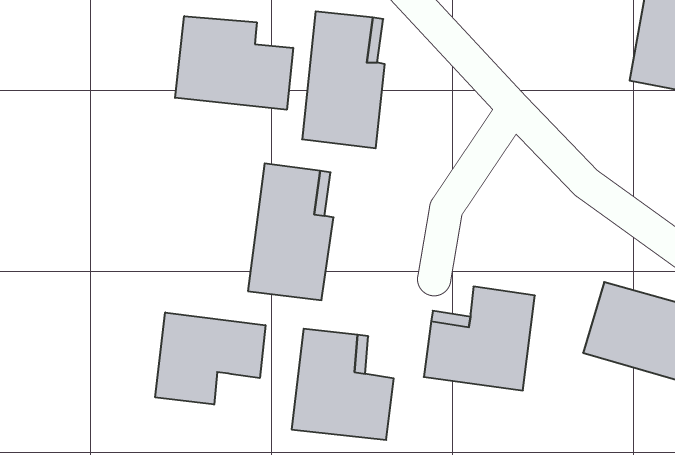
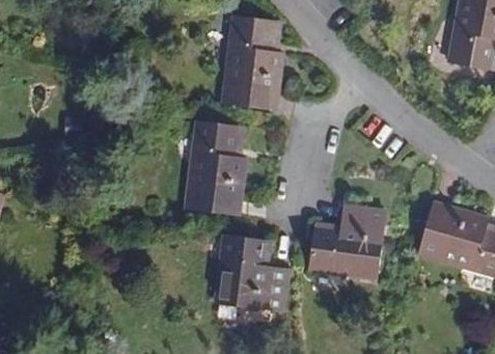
building: [175,16,293,110] -> none
building: [155,312,265,405] -> none

